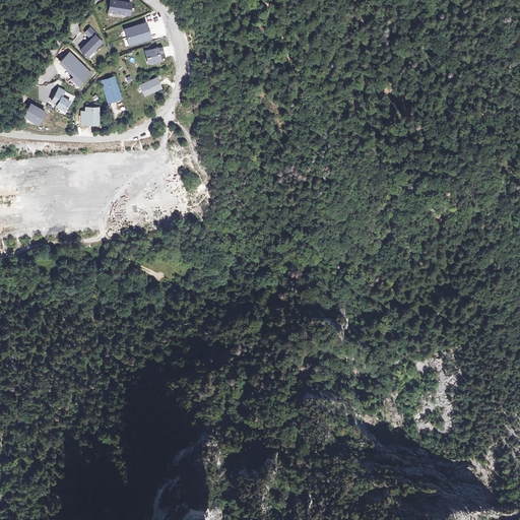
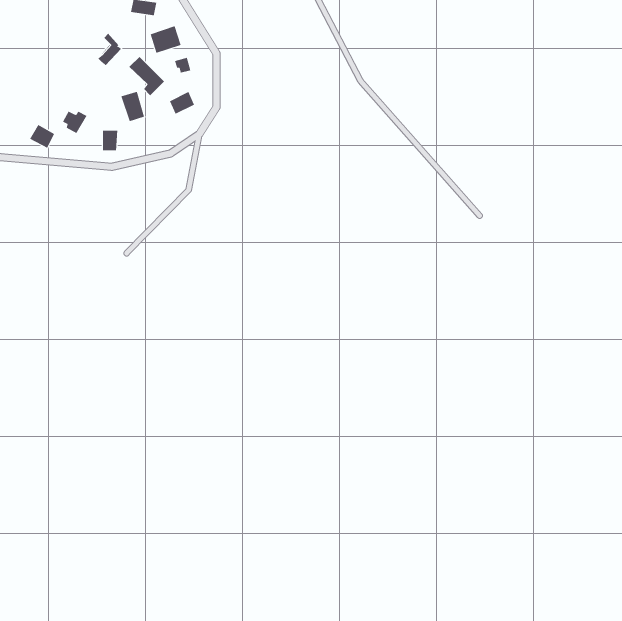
building: [60,52,90,85] -> [128,56,165,96]

